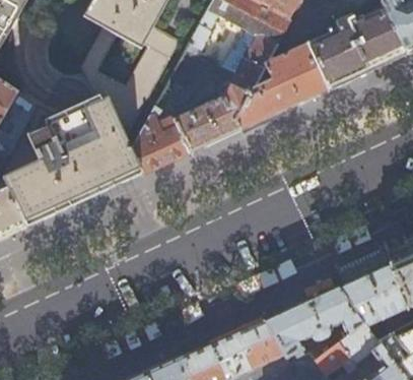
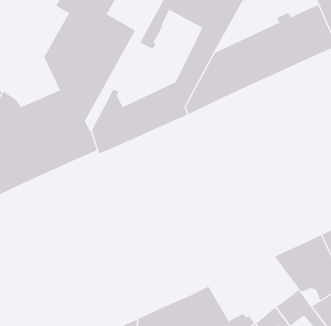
building: [263,287,362,358] -> none

